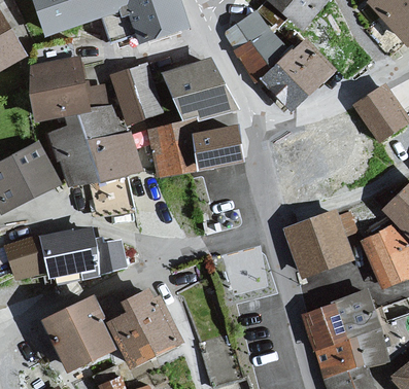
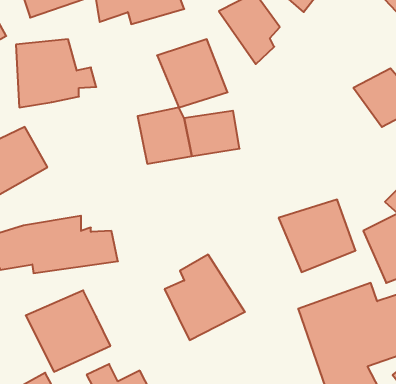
building: [259,39,337,110] -> none
building: [109,63,164,126] -> none
building: [46,103,141,183] -> none
building: [107,288,183,369] -> [165,255,245,340]

